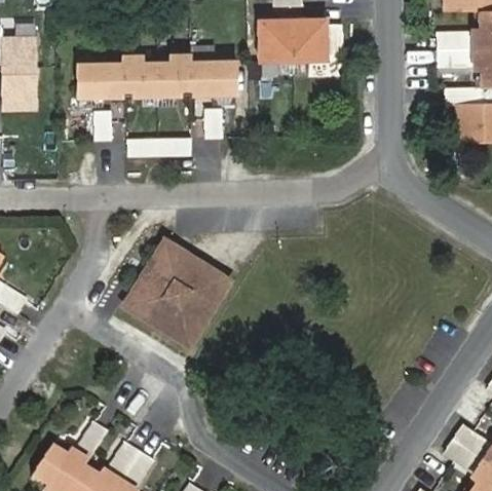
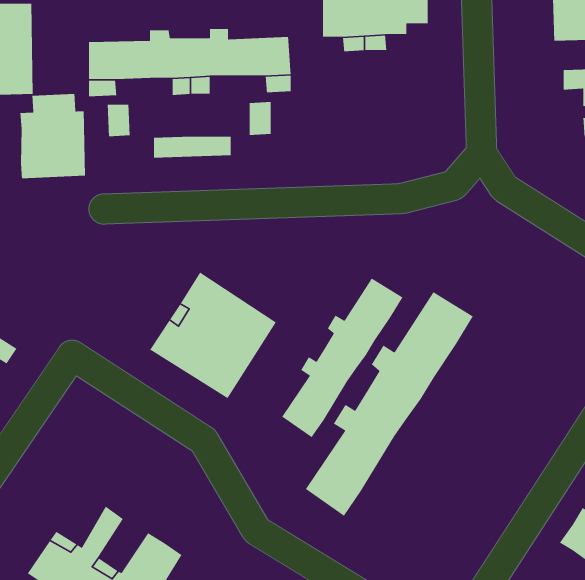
building: none -> [20,93,86,179]
building: none -> [281,277,403,438]
building: none -> [305,291,474,517]

